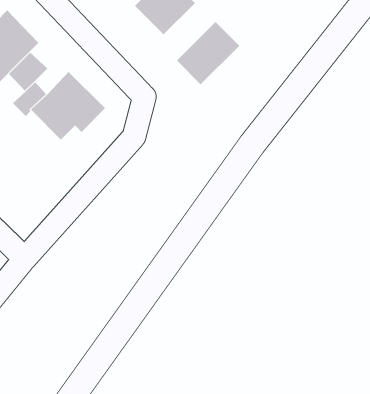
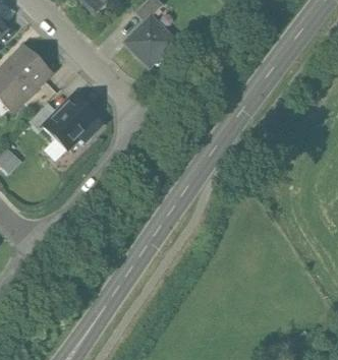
building: [176,21,240,85] -> none

